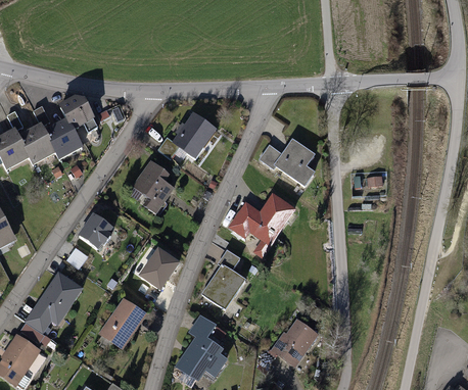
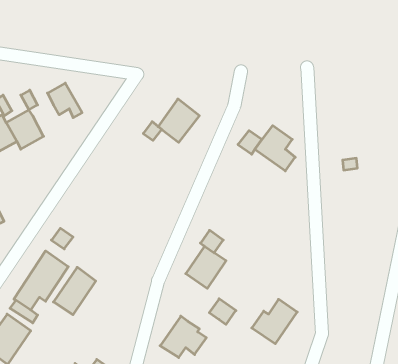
building: [45,119,82,159] -> none
building: [136,161,176,215] -> none
building: [225,198,290,254] -> none
building: [76,211,111,248] -> none
building: [136,246,178,290] -> none
building: [99,297,143,346] -> [53,267,96,315]
building: [188,316,216,343] -> [209,299,236,324]

